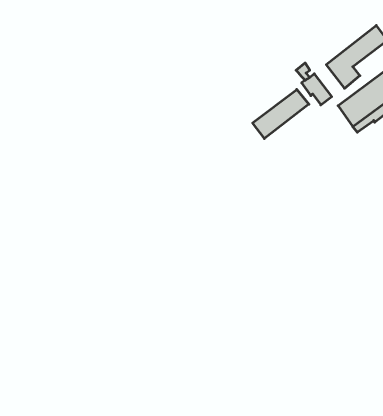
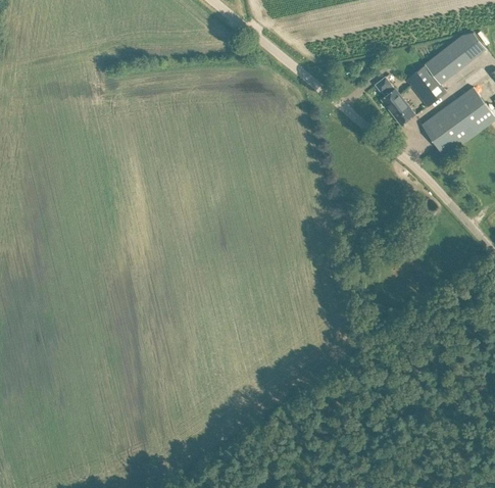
building: [253,89,309,139] -> none

